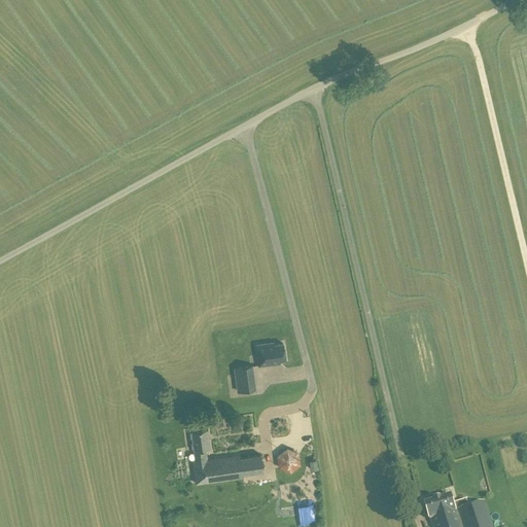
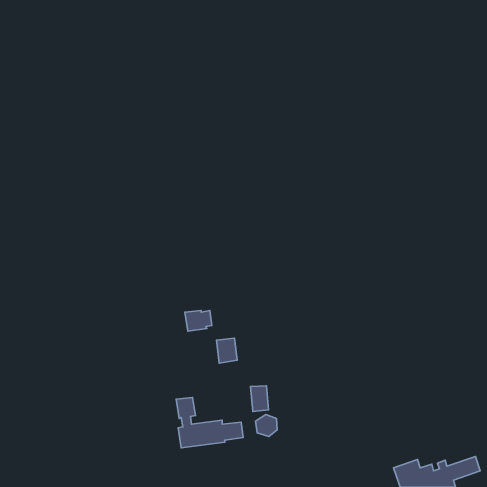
building: [256,343,285,365] -> [185,310,212,331]
building: none -> [251,386,268,412]

